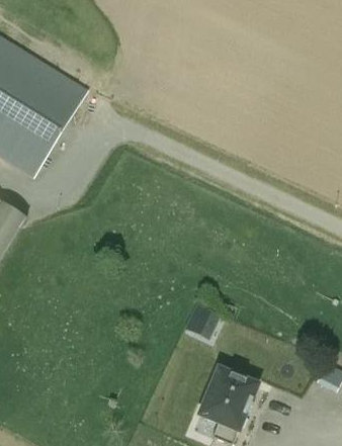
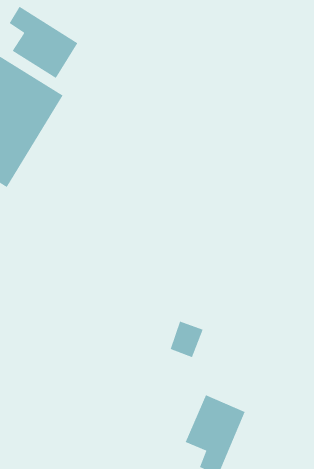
building: none -> [9,6,78,79]

